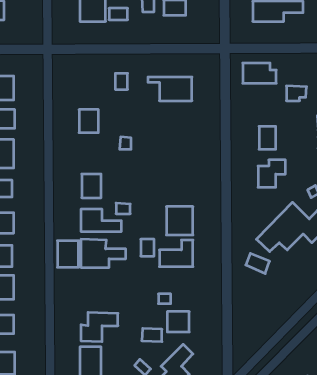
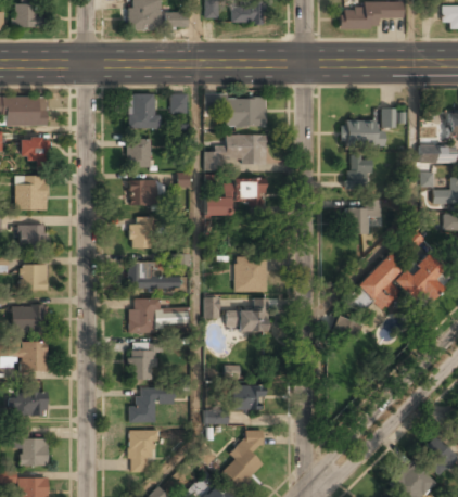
building: [243,63,276,83] -> [343,122,384,146]
building: none -> [129,94,157,129]
building: none -> [204,135,266,170]
building: none -> [129,178,161,203]
building: none -> [203,178,265,215]
building: [57,241,79,267] -> [128,347,154,380]

